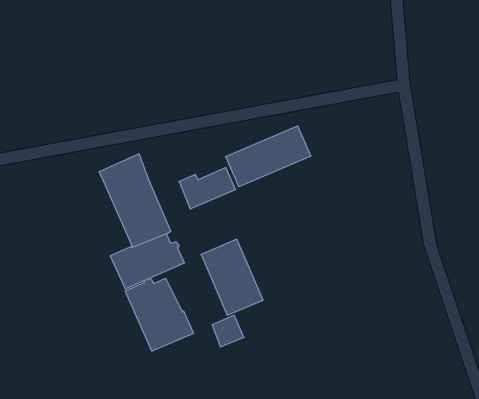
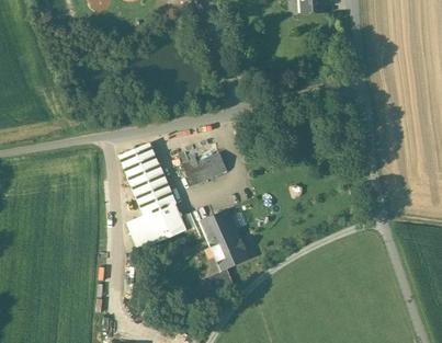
building: [226,126,311,187] -> none
building: [125,278,194,351] -> none

